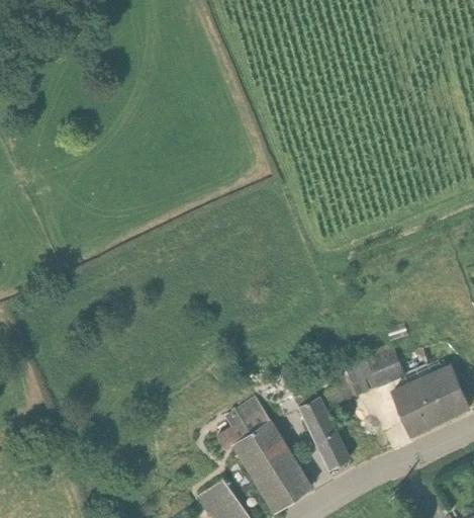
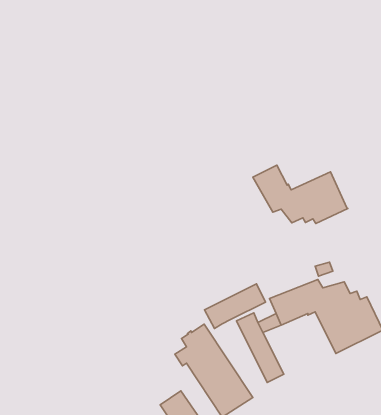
building: none -> [253,165,348,223]
building: none -> [205,284,266,329]

